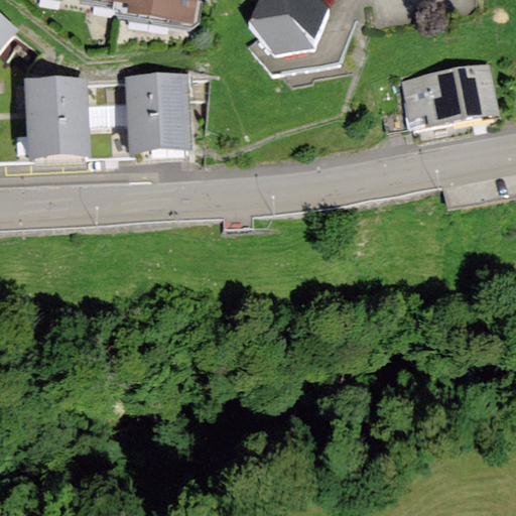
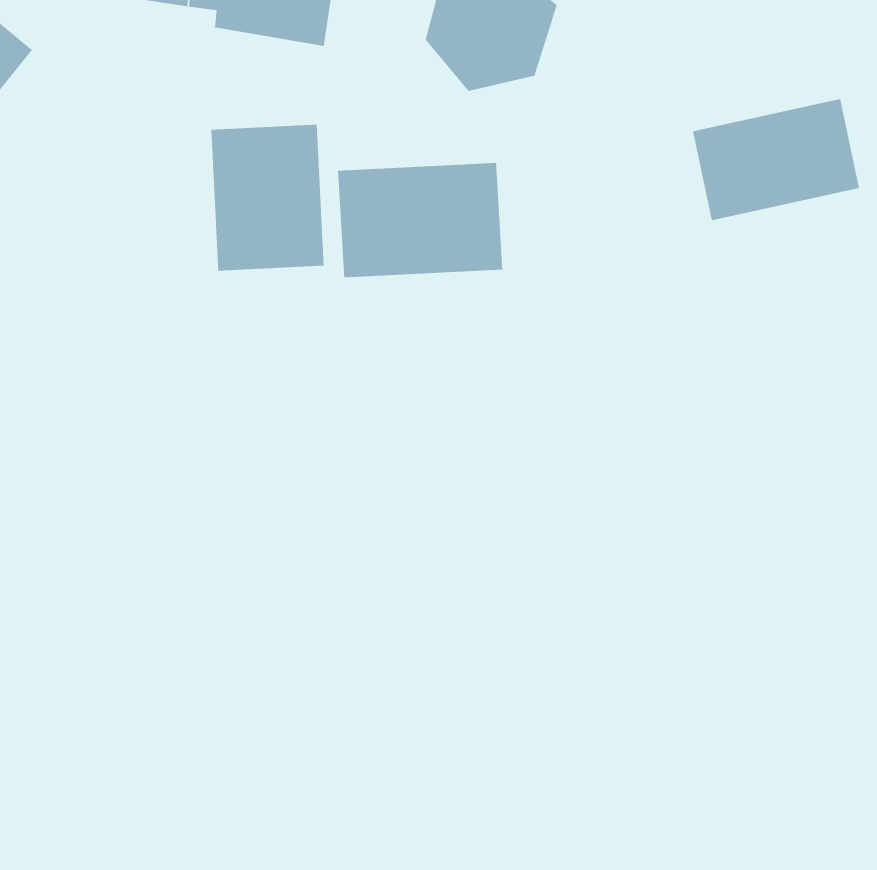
building: [23,77,89,165] -> none
building: none -> [338,162,503,278]

